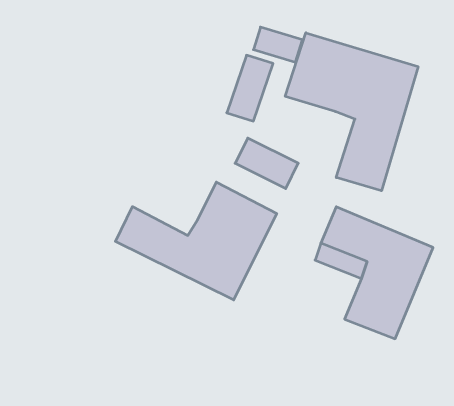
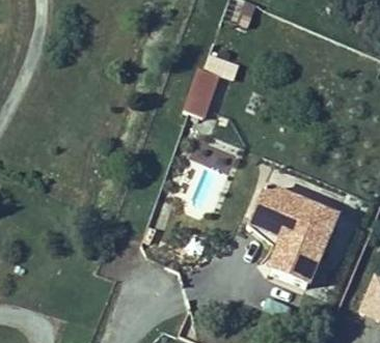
building: [285,33,418,191] -> none
building: [115,182,277,300] -> none

